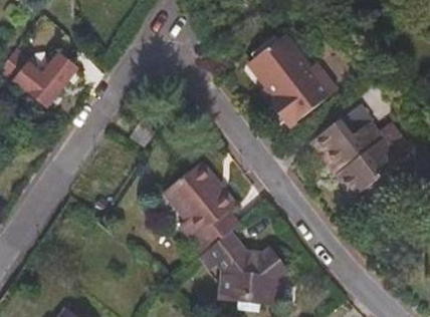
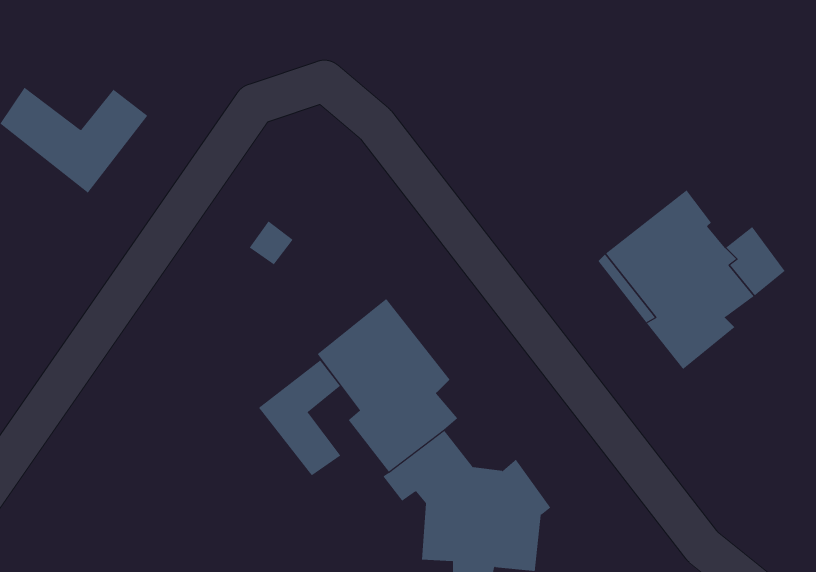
building: [249,35,336,127] -> none
building: none -> [258,359,341,476]

